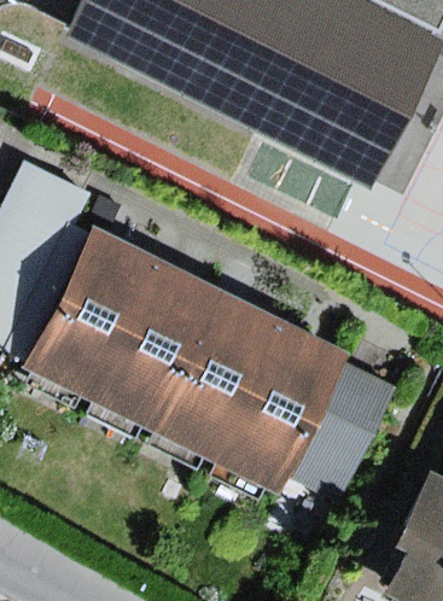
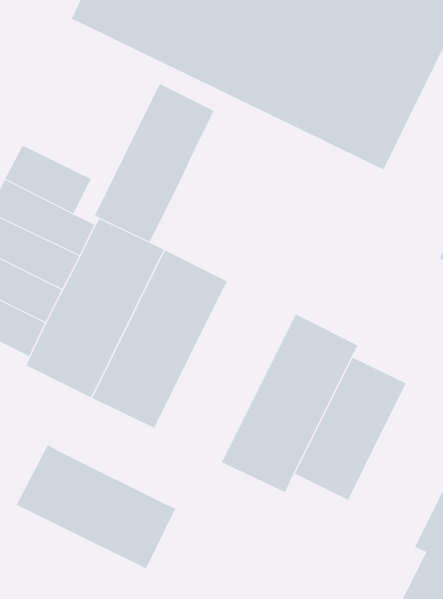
building: none -> [94,83,214,242]
building: [153,288,288,462] -> none
building: none -> [16,444,176,569]

